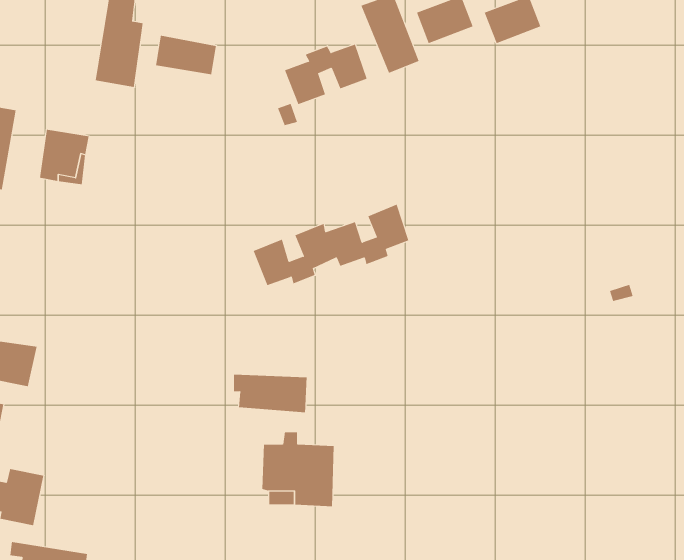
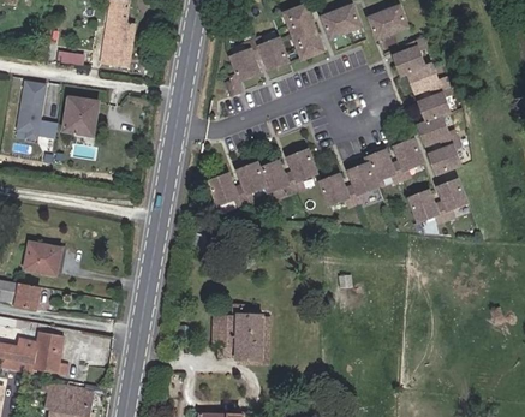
building: [156,35,217,75] -> none
building: none -> [393,40,460,172]
building: none -> [318,138,423,205]
building: none -> [408,178,466,221]
building: [233,374,307,413] -> none

